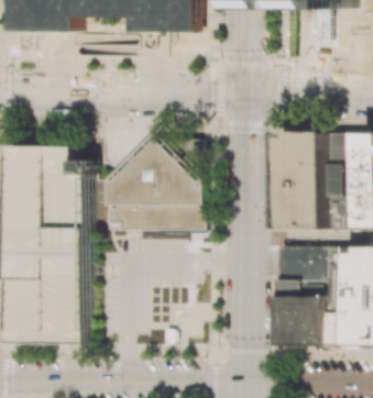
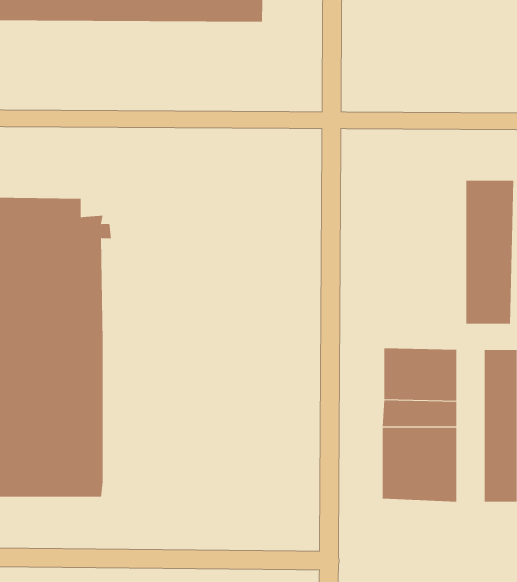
building: [101,131,201,231] -> none
building: [277,134,327,230] -> none
building: [321,245,339,345] -> none

